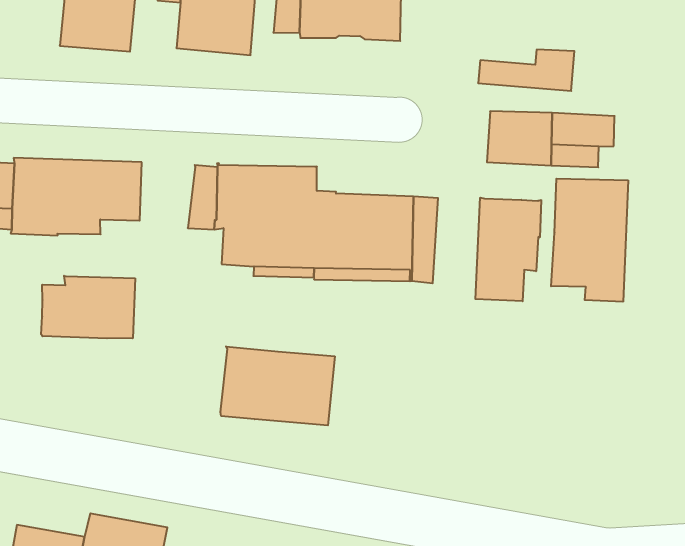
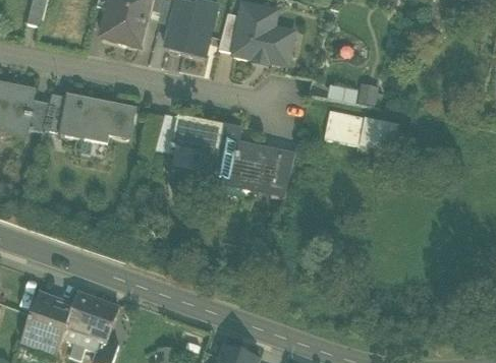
building: [551,179,628,302] -> none
building: [475,198,541,301] -> none
building: [41,276,135,338] -> none
building: [221,346,335,425] -> none

